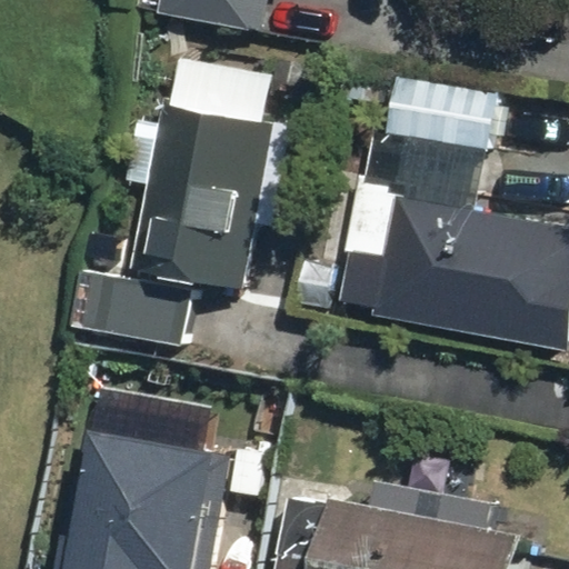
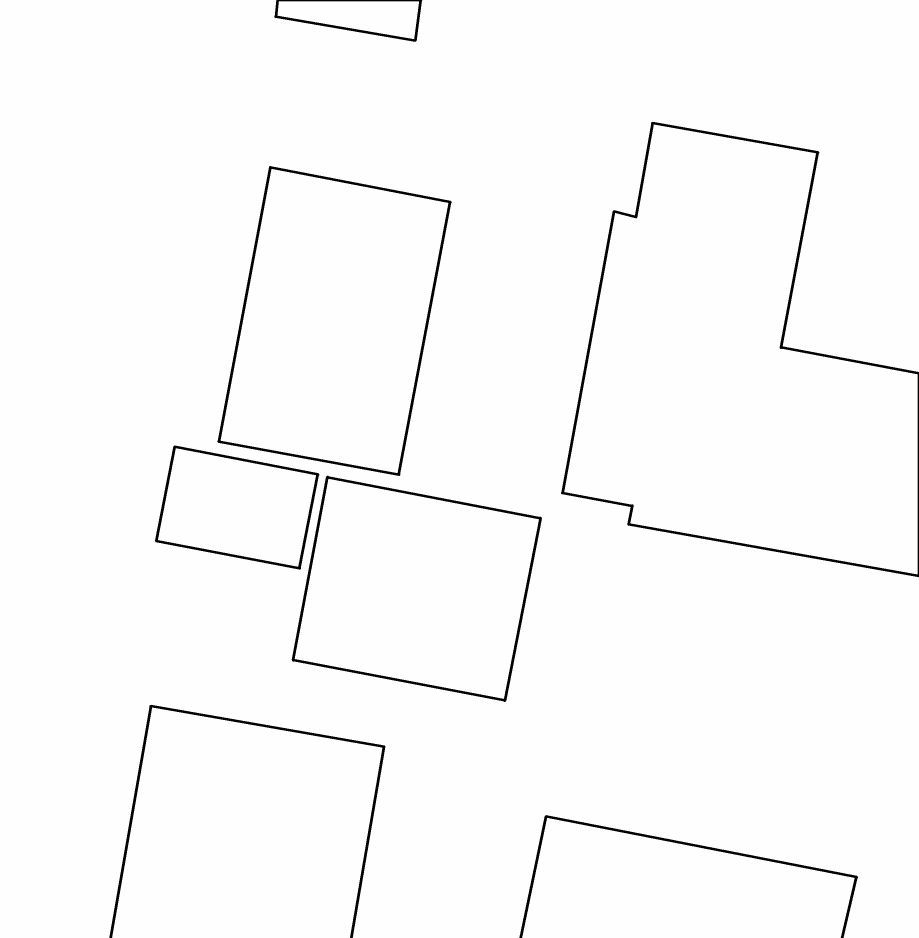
building: none -> [293,477,540,701]

